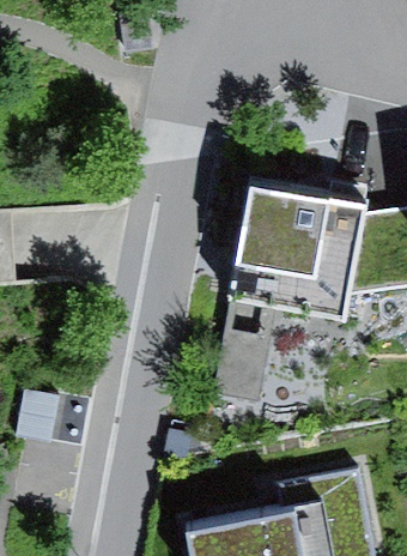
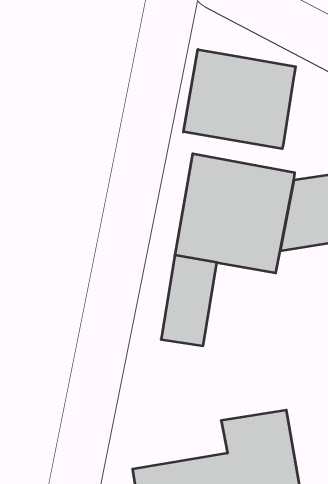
building: none -> [183,49,296,149]

